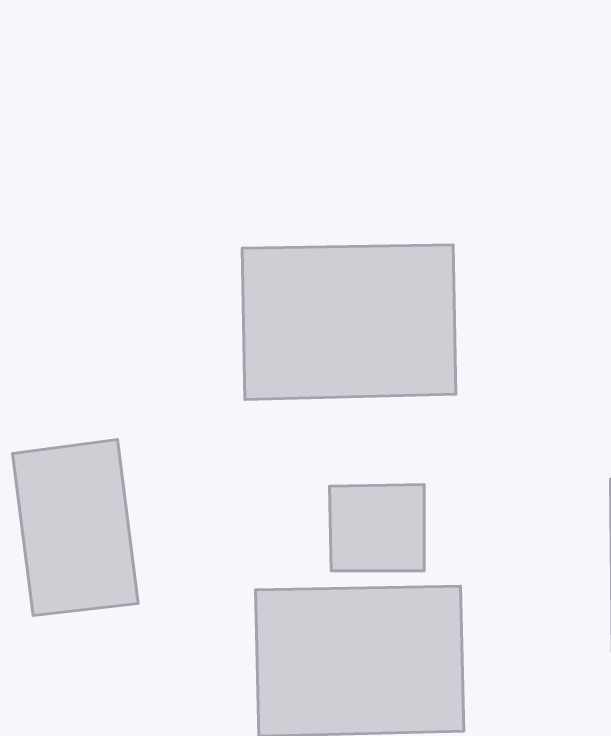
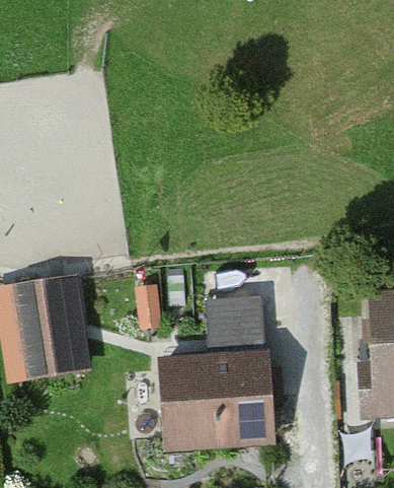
building: [242,245,456,399] -> none

